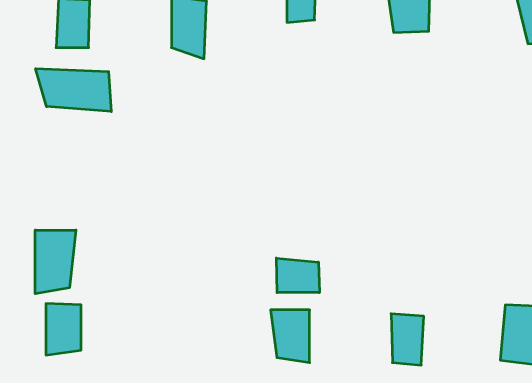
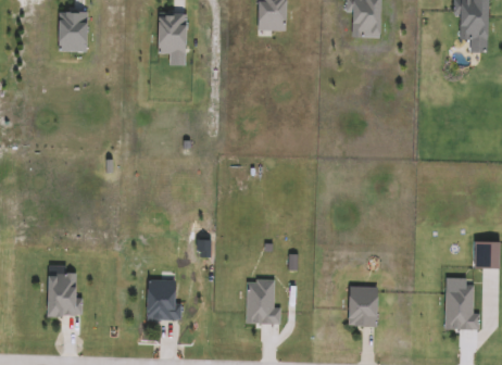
building: [36,69,111,112] -> none
building: [35,230,76,294] -> none
building: [276,258,319,293] -> none
building: none -> [145,279,175,322]

